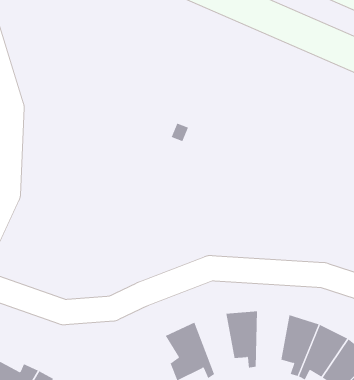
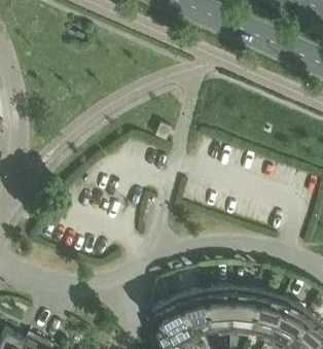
building: none -> [229,287,257,337]
building: none -> [176,289,210,342]

